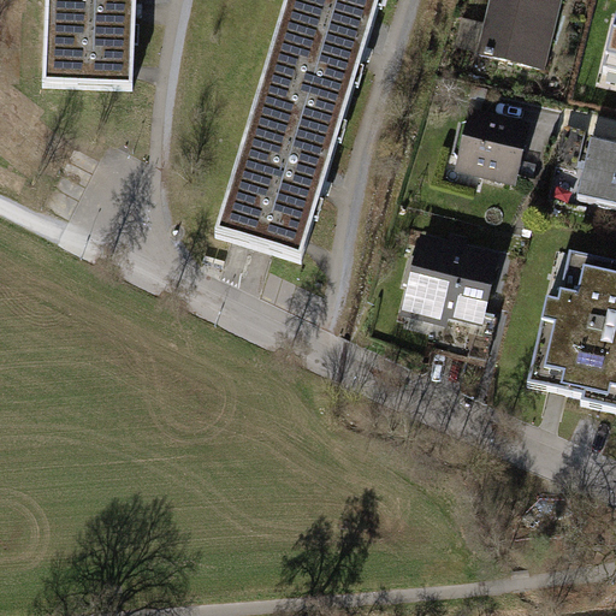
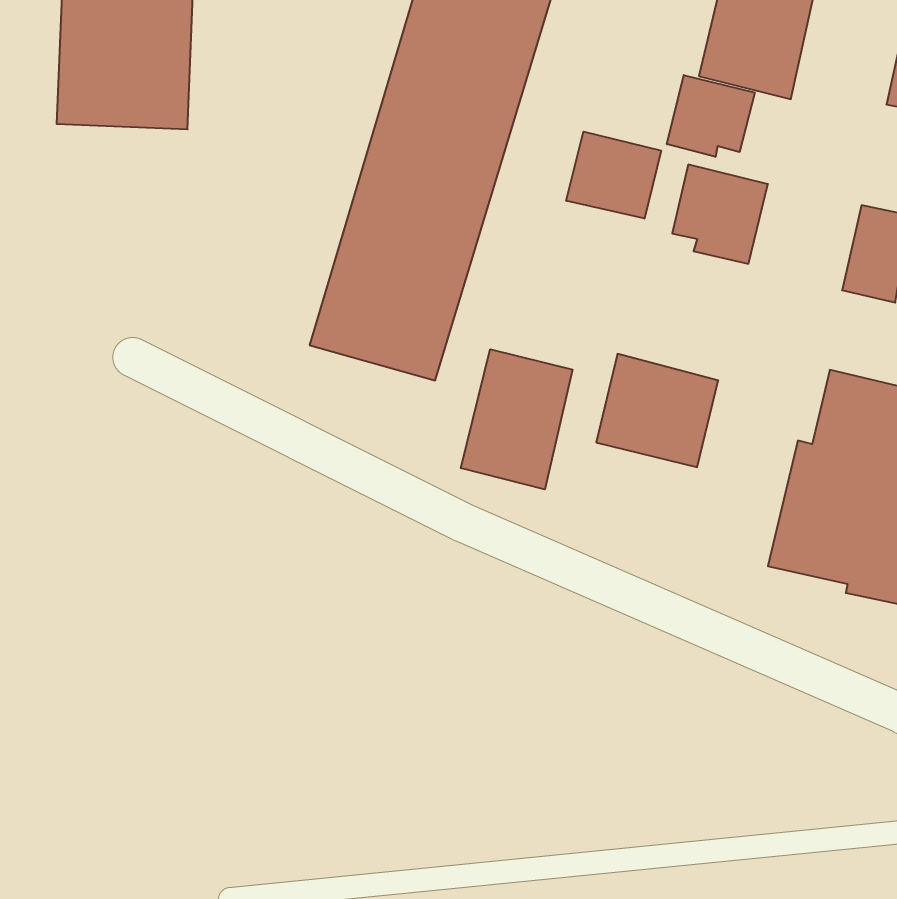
building: none -> [667,75,755,157]
building: none -> [566,132,661,219]
building: none -> [461,349,572,489]

